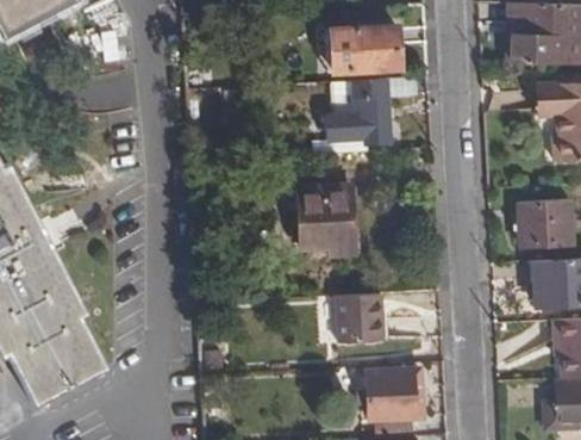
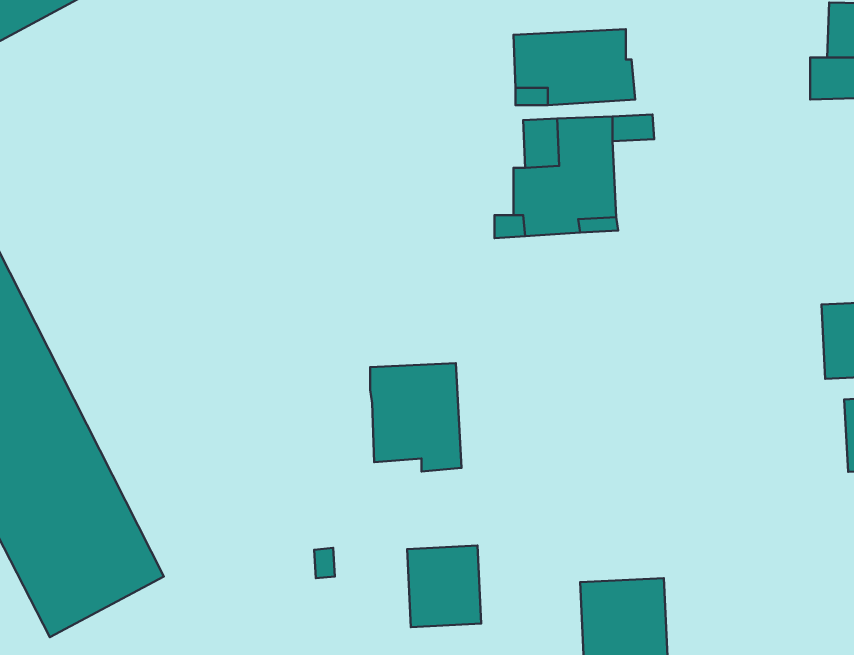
building: [298,187,355,255] -> [370,363,461,472]
building: [335,295,381,346] -> [407,545,481,627]

